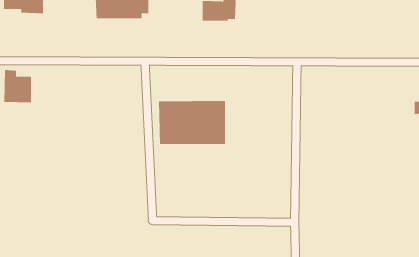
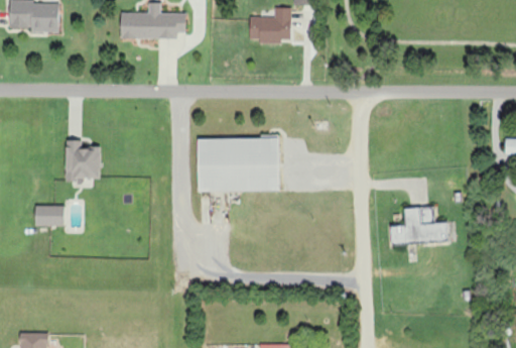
building: [3,70,32,103] -> [66,139,100,180]
building: none -> [34,205,63,226]
building: none -> [390,207,447,244]

